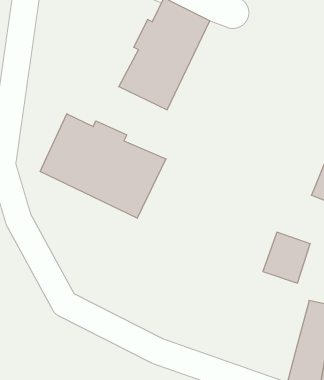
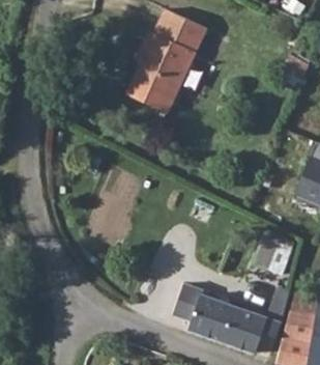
building: [40,114,166,218] -> none
building: none -> [173,280,294,350]

